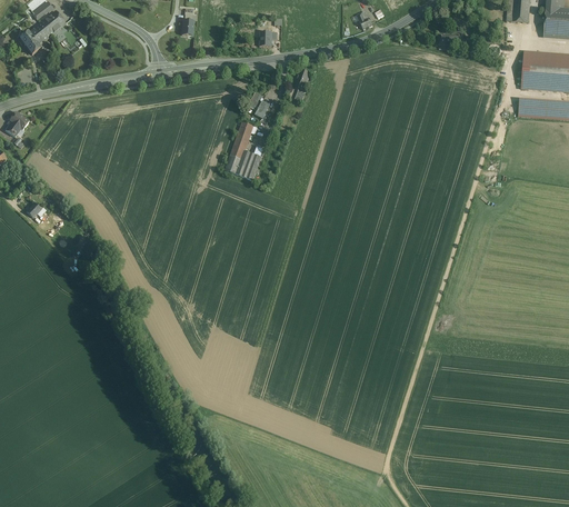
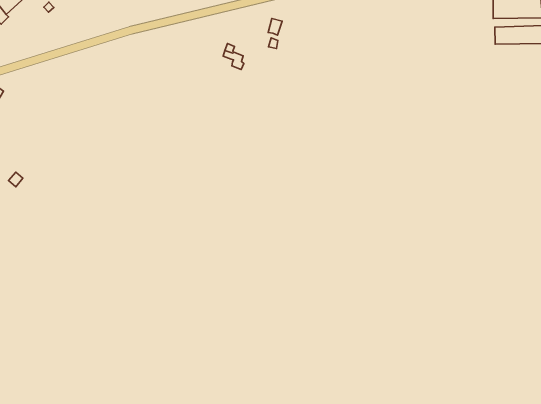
building: [226,121,261,179] -> none

